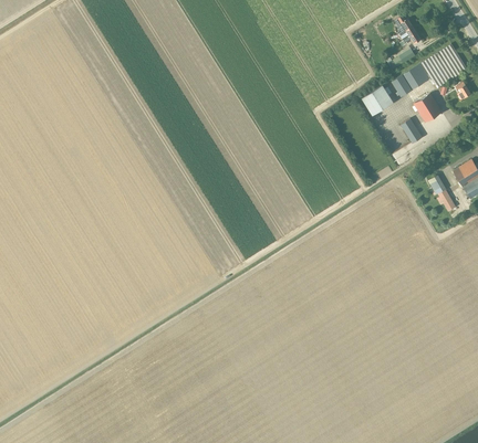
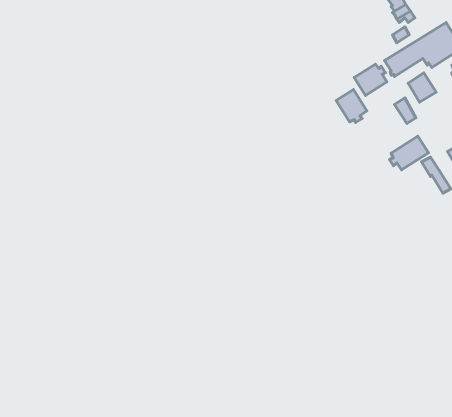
building: none -> [336,90,367,122]
building: none -> [390,136,428,170]

